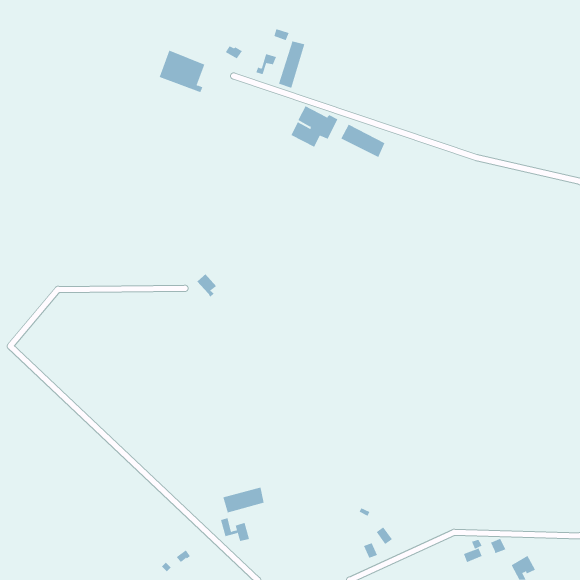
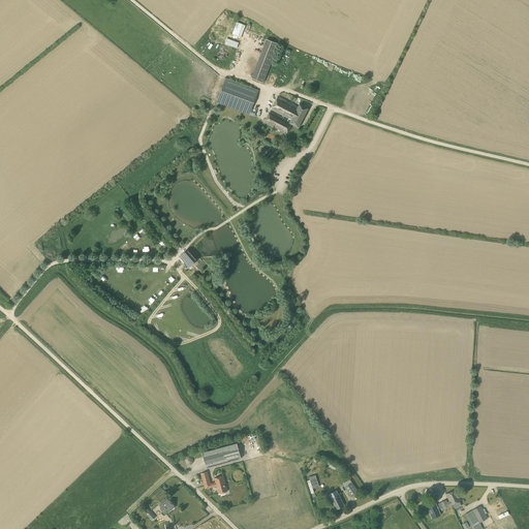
building: [159,50,205,93] -> [216,77,258,117]
building: [341,124,385,158] -> none

